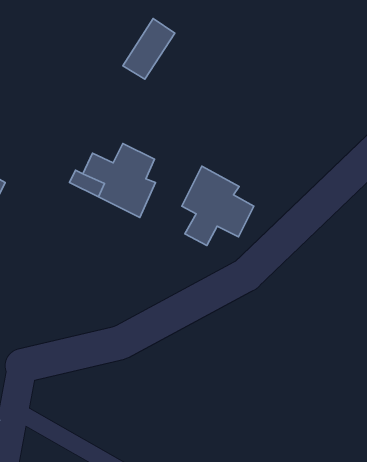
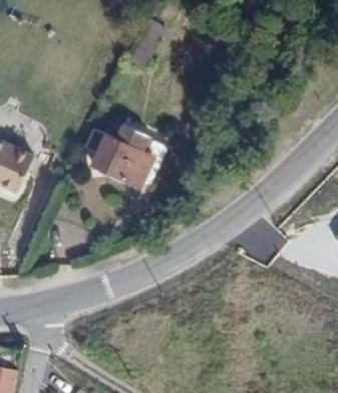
building: [182,166,254,246] -> none

